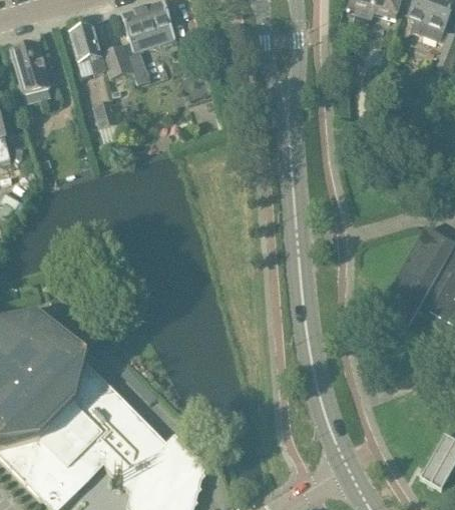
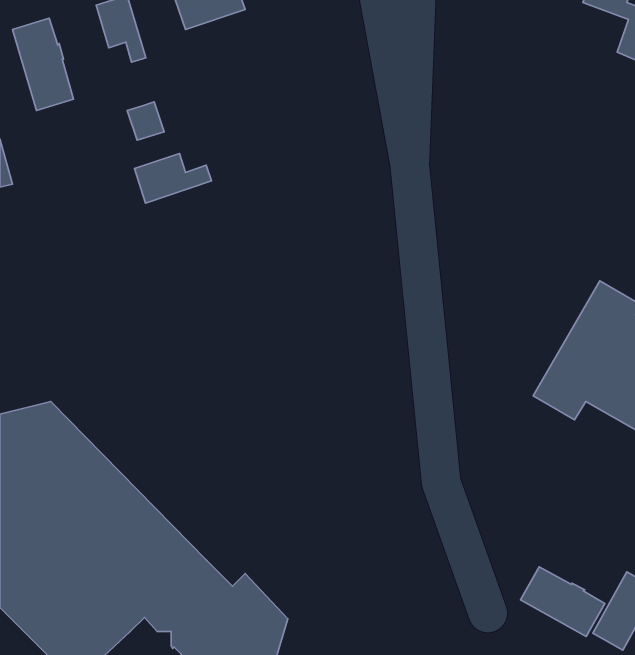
building: [101,43,131,76] -> none
building: none -> [135,153,211,203]
building: none -> [521,567,605,637]

